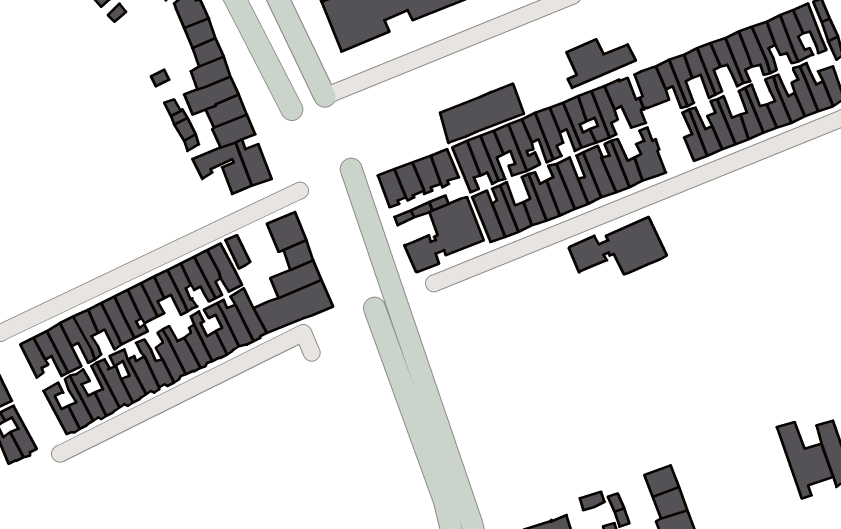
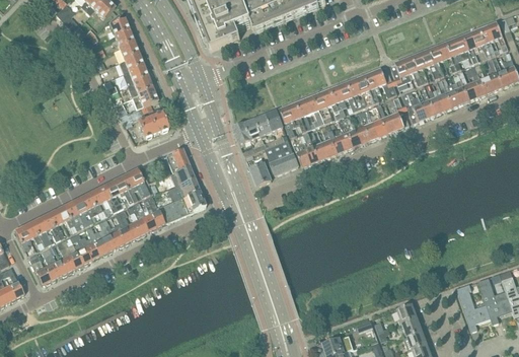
building: [567,39,636,88] -> none
building: [440,84,524,143] -> none
building: none -> [401,90,427,122]
building: [569,217,667,274] -> none
building: none -> [456,283,491,331]

